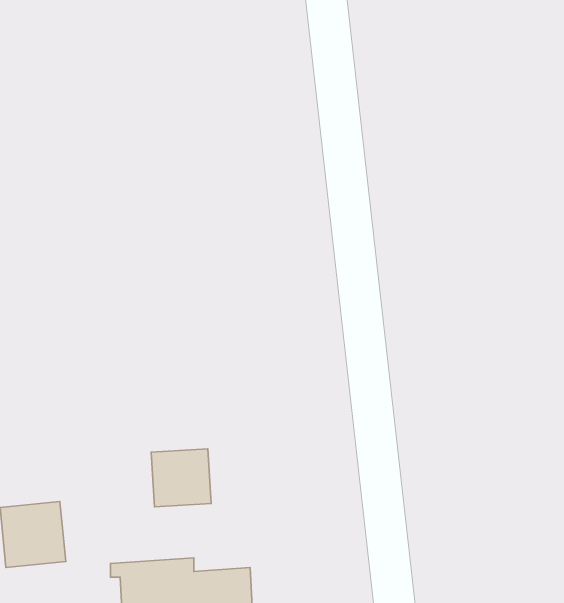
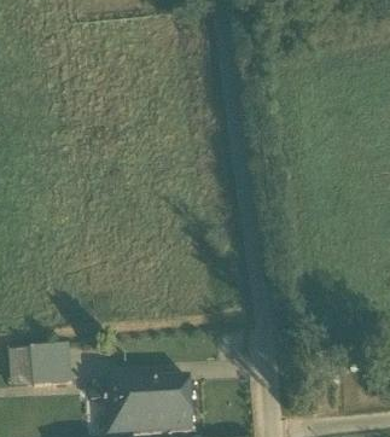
building: [151,449,211,507] -> none

